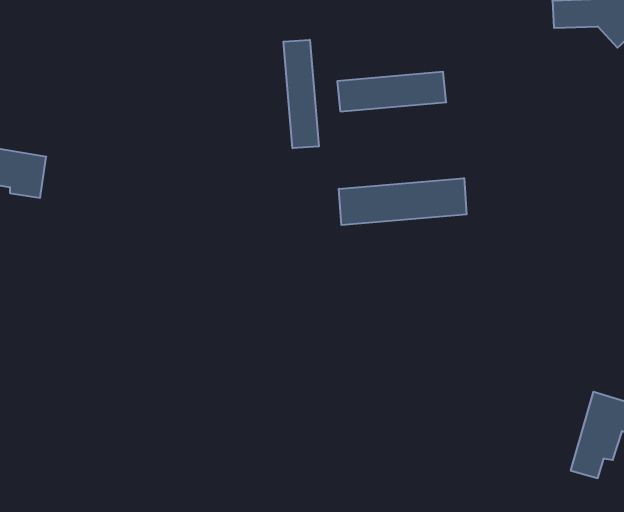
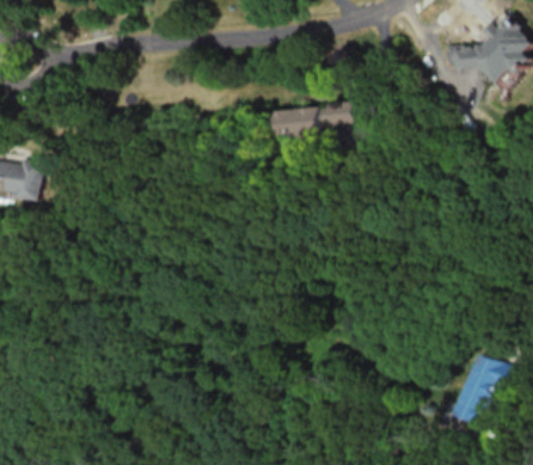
building: [283,40,319,148] -> none
building: [339,178,467,225] -> none

